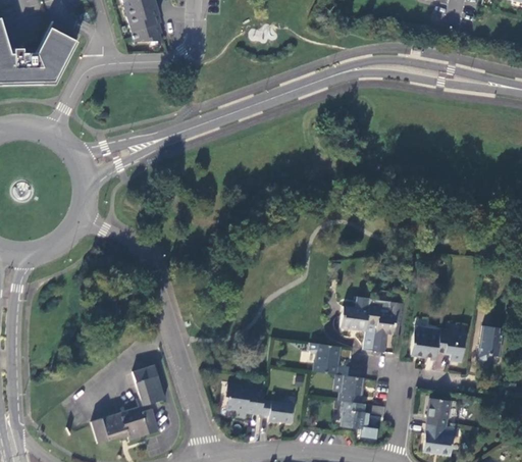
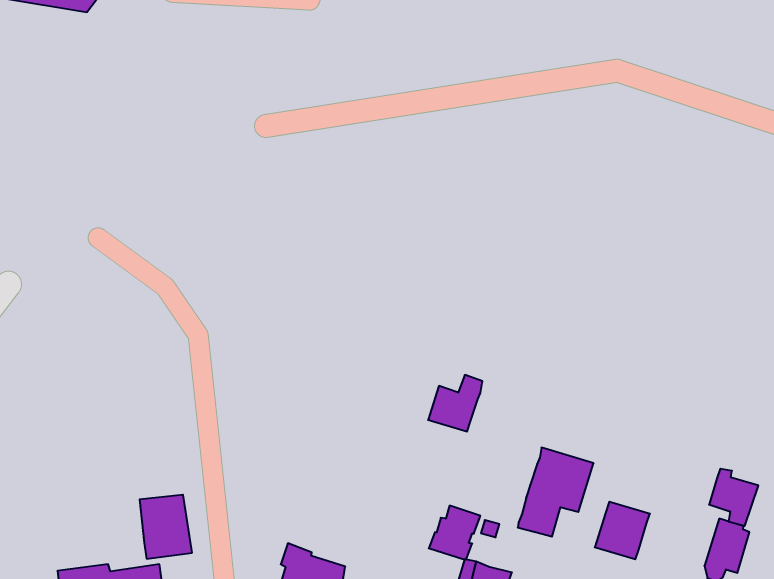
building: [341,297,369,330] -> [428,375,482,432]
building: [437,328,465,360] -> [709,469,758,526]

